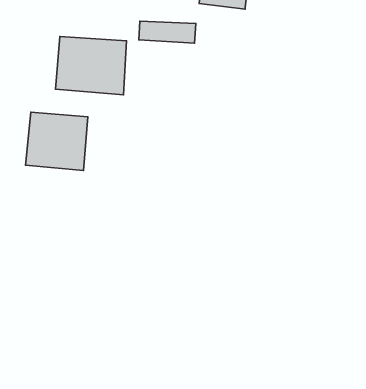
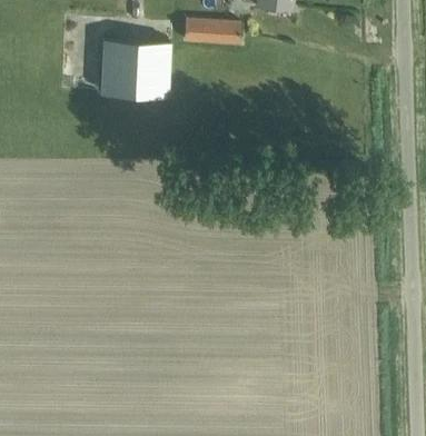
building: [25,112,88,171] -> none

